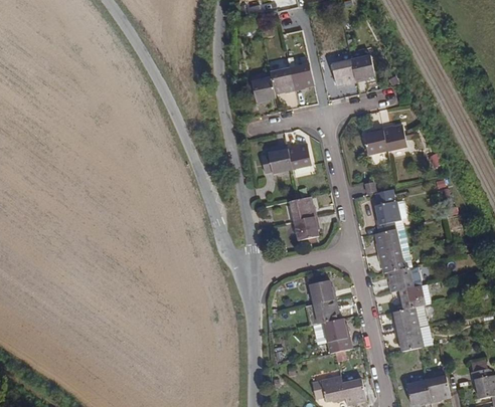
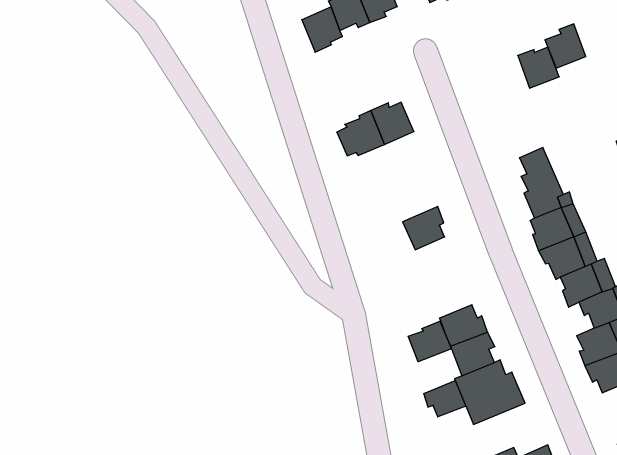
building: [365,127,389,153] -> [545,24,586,68]
building: [290,196,318,220] -> none
building: none -> [408,321,451,362]
building: none -> [424,381,466,417]

